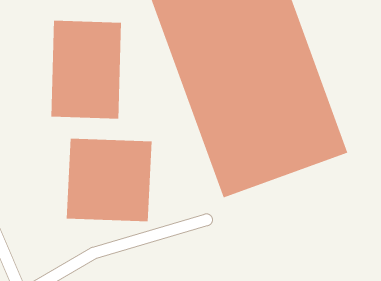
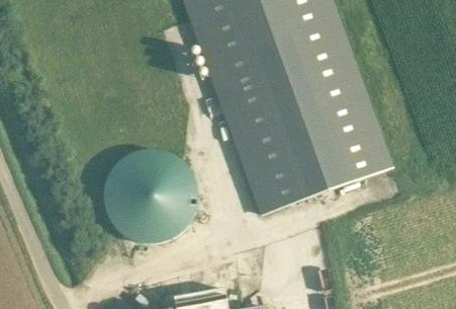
building: [51,20,121,120] -> none

